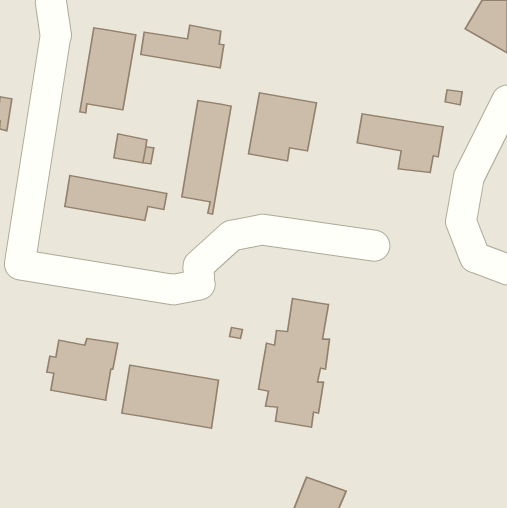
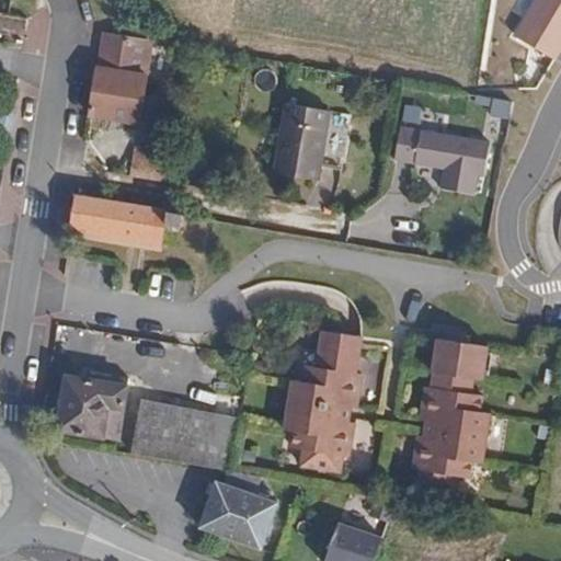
building: [141,25,224,68] -> none
building: [182,100,231,214] -> none
building: none -> [413,329,492,490]
building: none -> [198,473,277,549]

